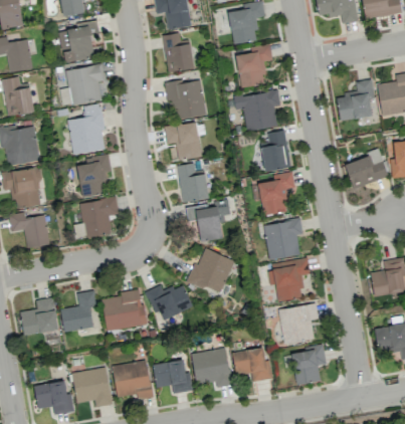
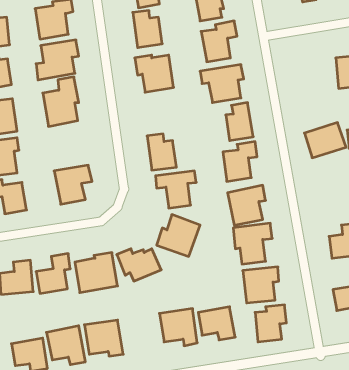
building: [337,79,374,120] -> none
building: [165,122,202,161] -> none
building: [77,155,112,197] -> none
building: [153,360,193,394] -> none

